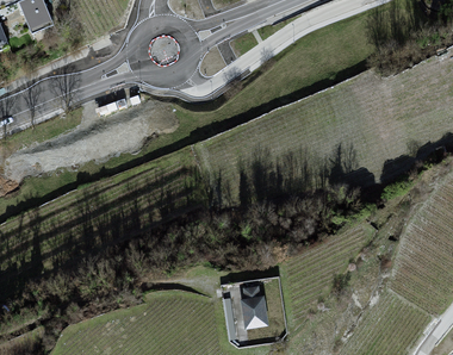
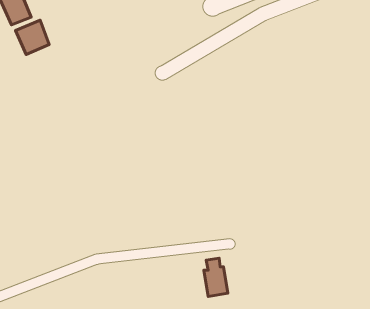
building: none -> [15,20,49,55]

